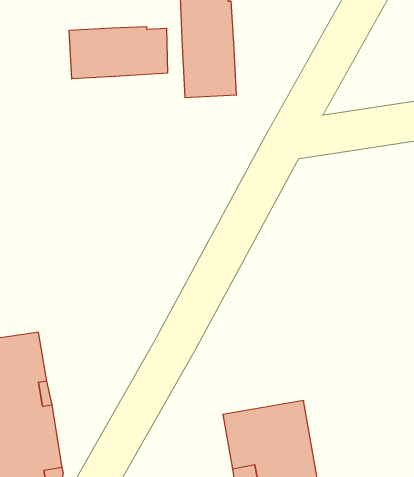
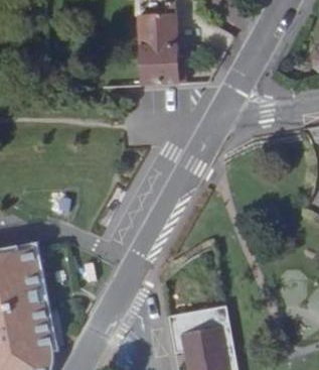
building: [69,27,168,79] -> none

